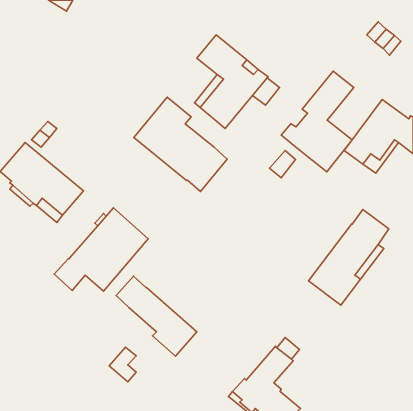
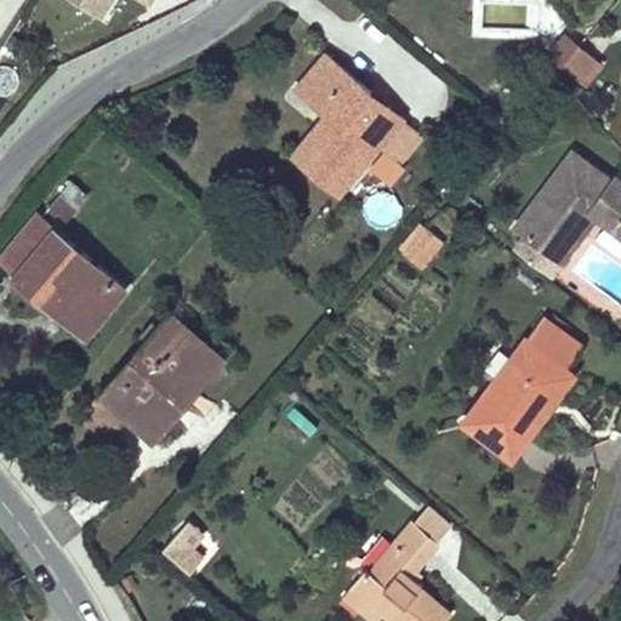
building: [281,71,354,172] -> none
building: [134,97,227,191] -> none
building: [116,276,197,356] -> none

